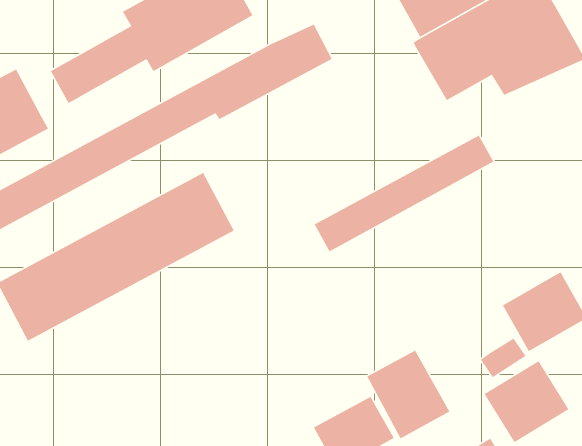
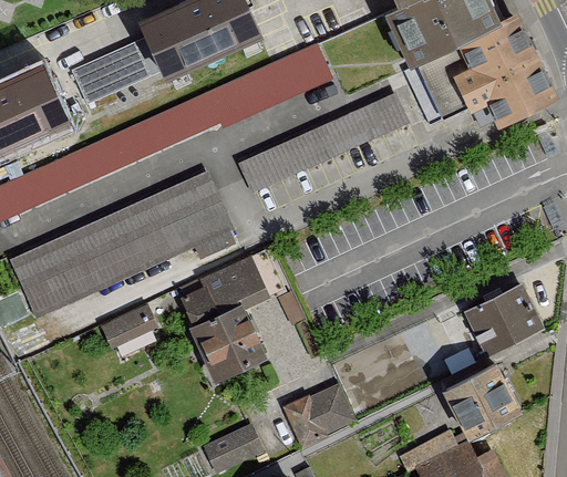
building: [313,135,495,252] -> [239,94,406,190]
building: none -> [179,249,280,382]
building: none -> [101,303,156,345]
building: [366,350,450,439] -> none

